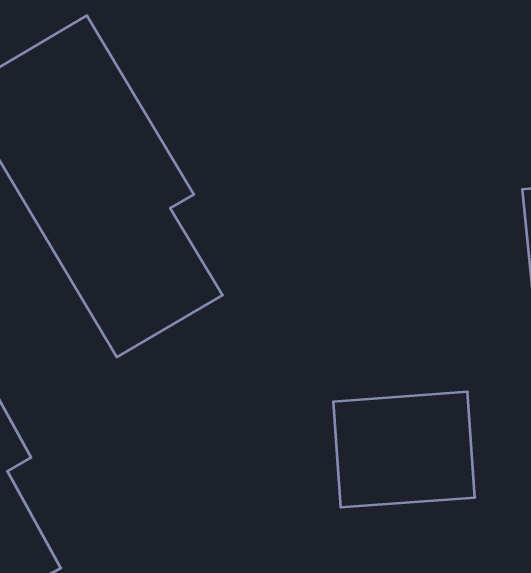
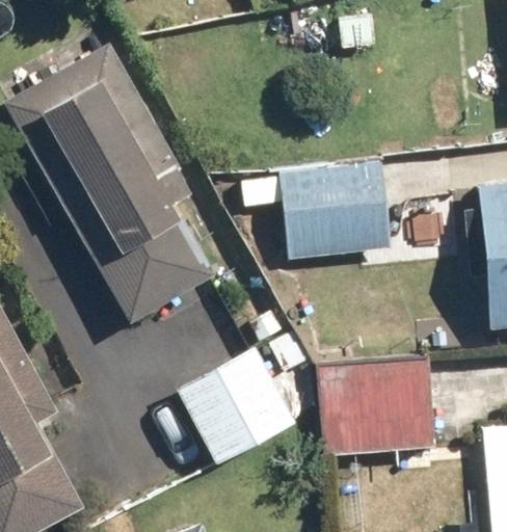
building: none -> [272,159,390,261]
building: none -> [178,348,295,463]

